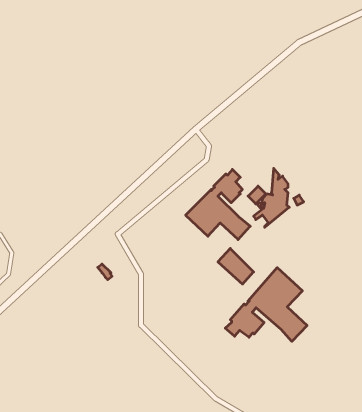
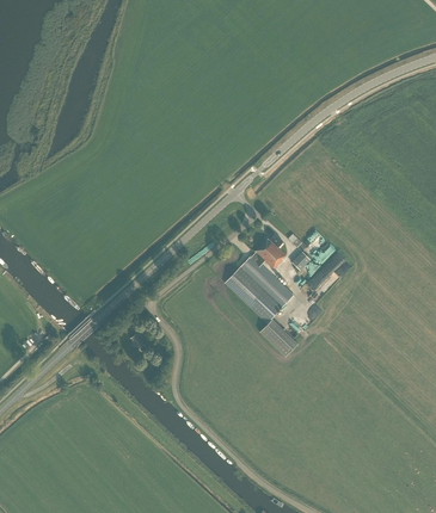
building: [225,268,307,341] -> none

